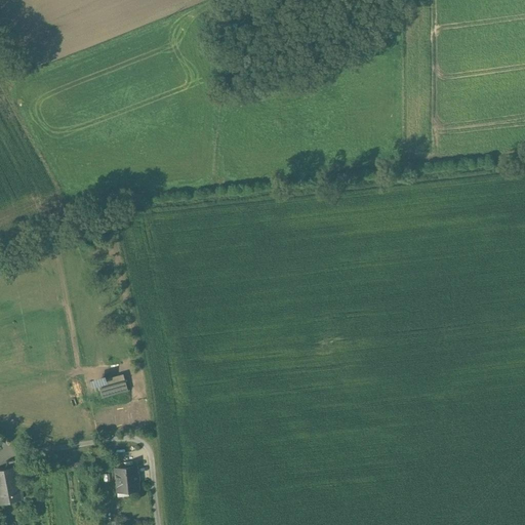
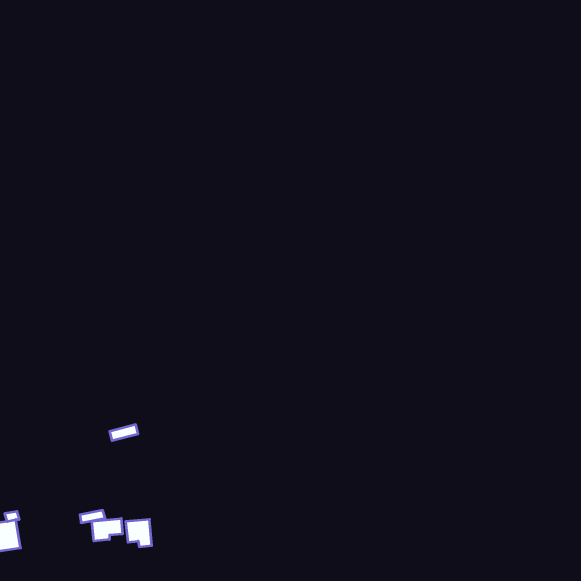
building: none -> [92,518,122,541]

